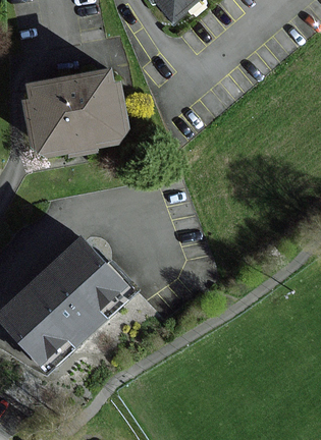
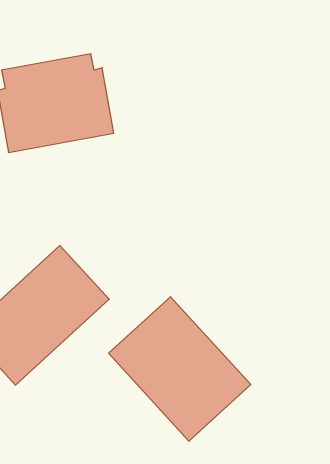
building: none -> [109,297,251,441]

